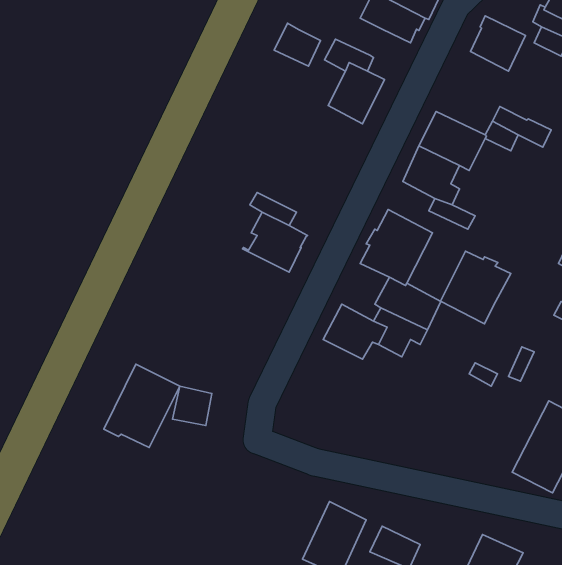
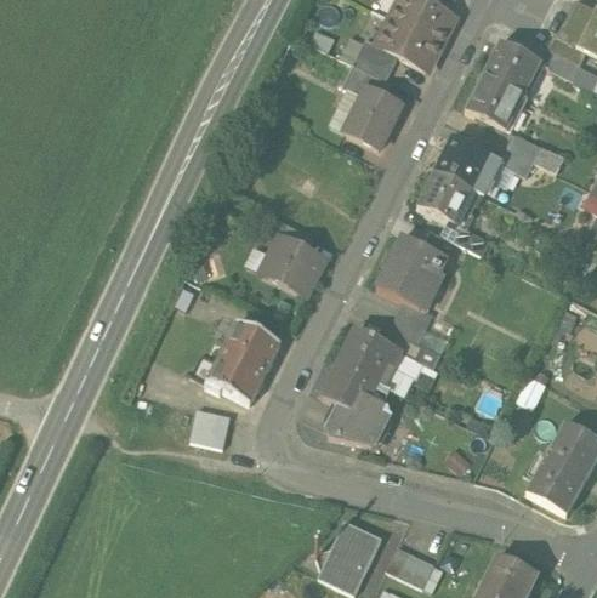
building: [274,23,321,66] -> [352,38,398,80]
building: none -> [466,76,523,130]
building: [440,251,511,324] -> none
building: none -> [323,361,390,446]
building: [104,364,180,448] -> [205,320,280,403]

